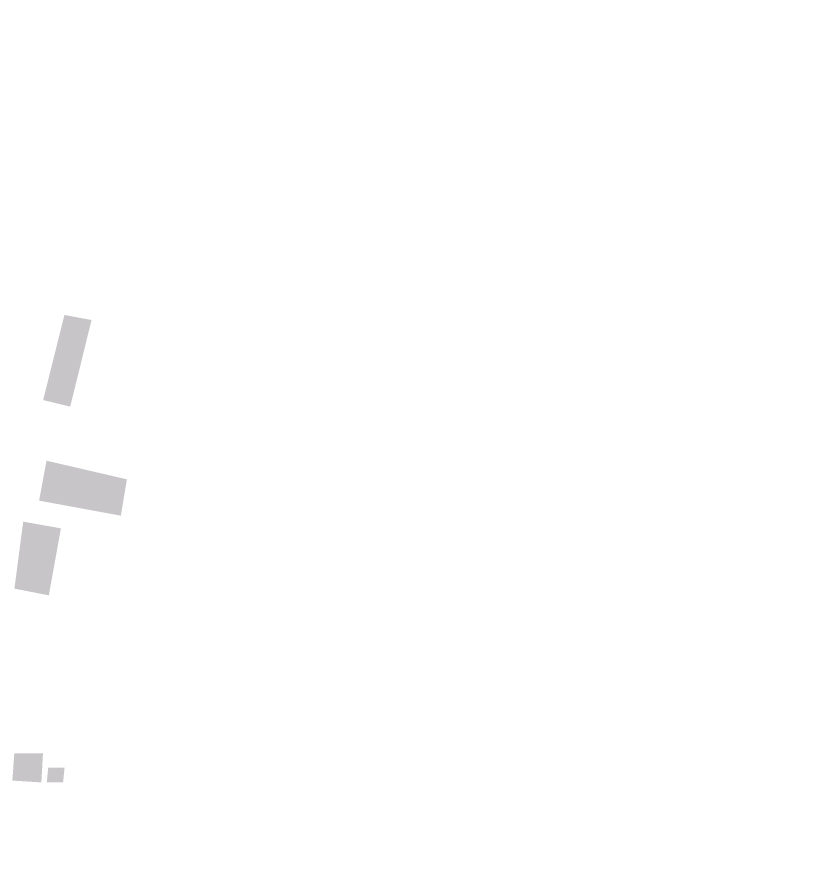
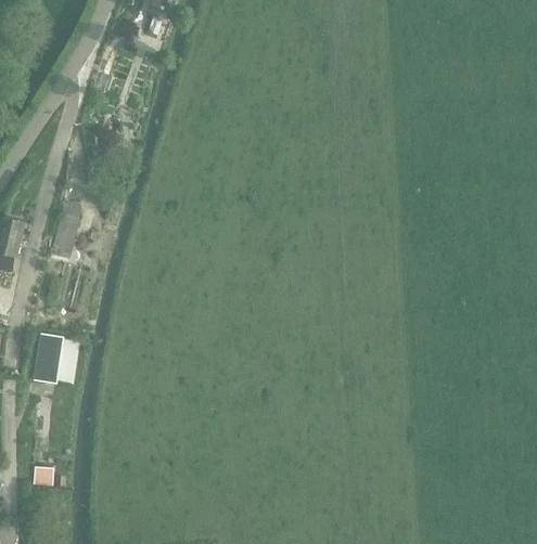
building: [38,460,128,517] -> none

